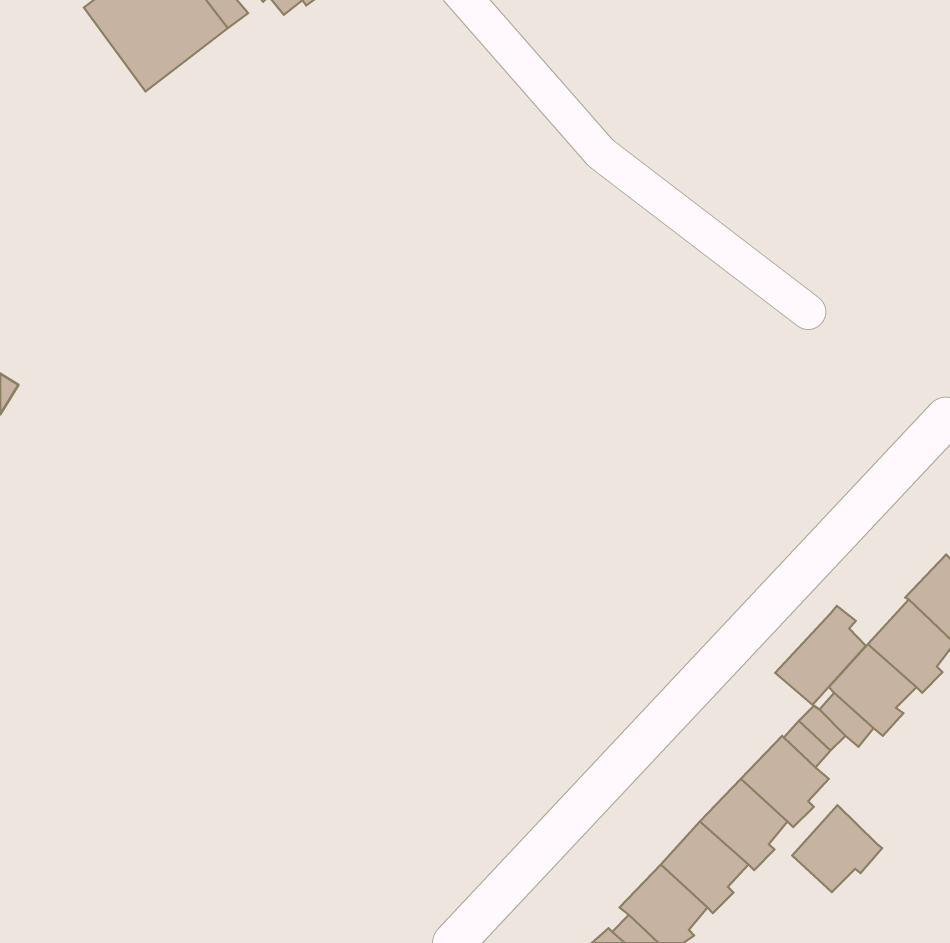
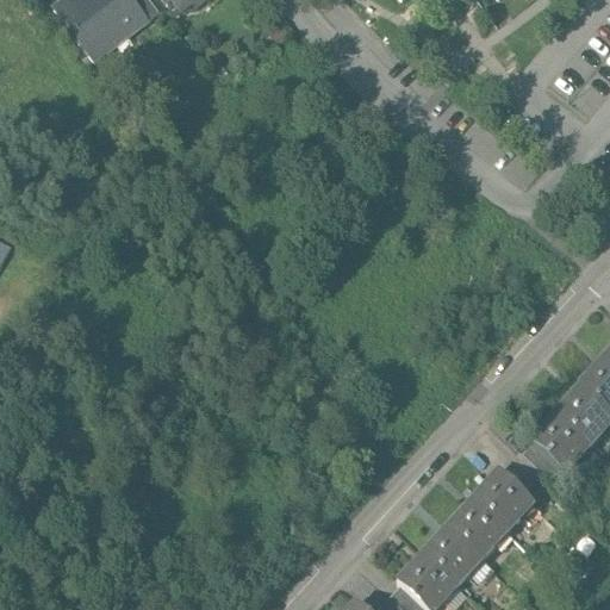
building: [775,606,866,705] -> none
building: [792,805,882,892] -> none

